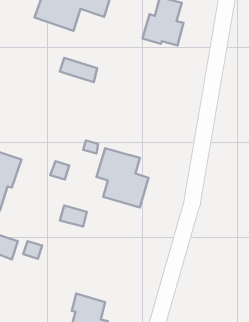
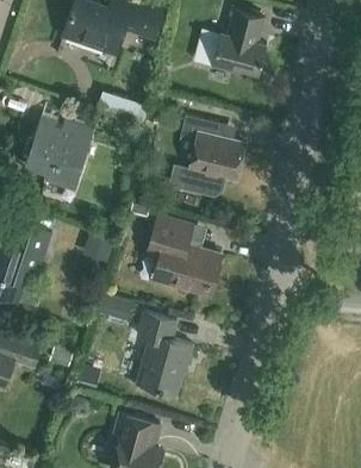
building: none -> [181,116,244,196]
building: none -> [25,121,97,191]
building: none -> [133,313,191,395]

